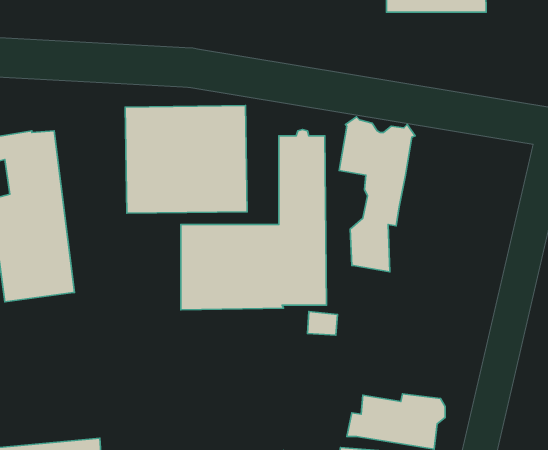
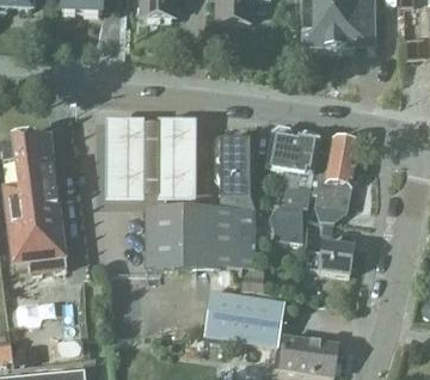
building: none -> [308,135,361,221]
building: none -> [307,240,356,275]
building: none -> [204,290,284,347]

